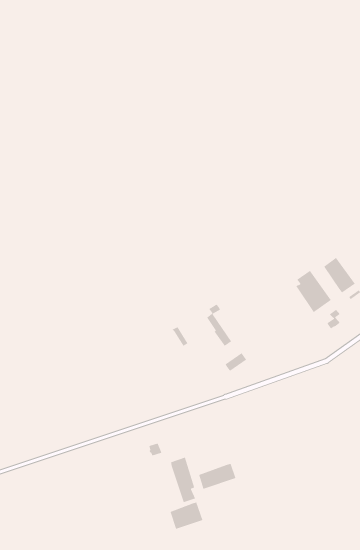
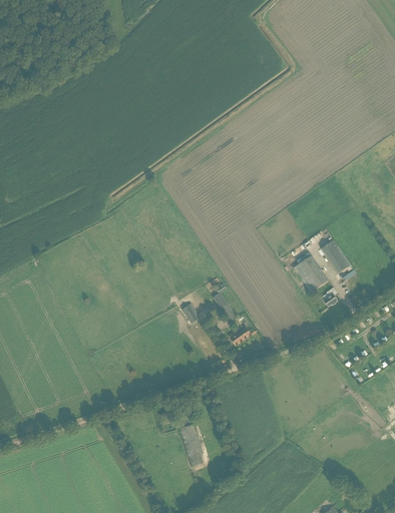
building: [198,463,237,490] -> none
building: [170,501,203,530] -> none

